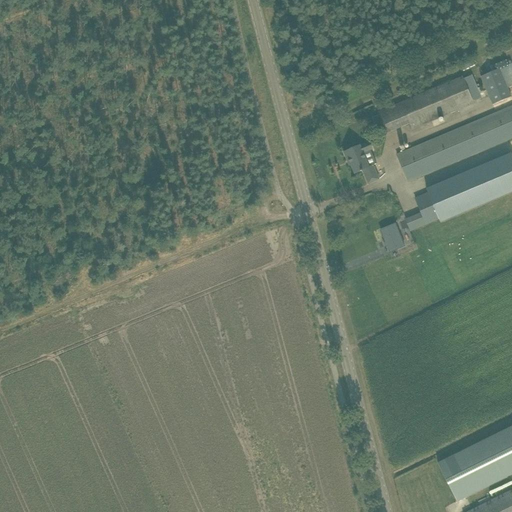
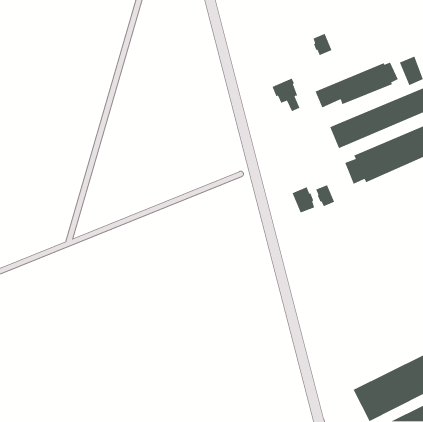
building: none -> [312,33,333,56]
building: [345,140,380,182] -> [272,77,301,112]
building: none -> [292,186,315,214]

